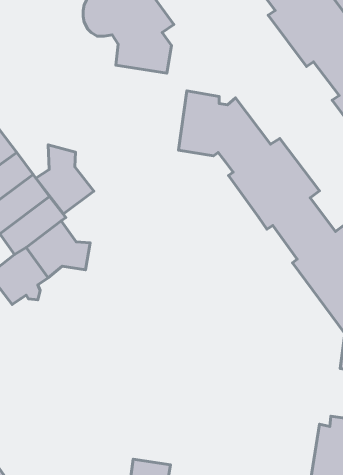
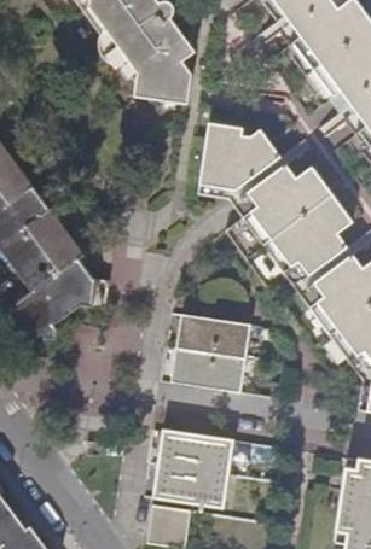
building: [36,145,94,214] -> none
building: none -> [170,314,249,392]
building: none -> [153,430,232,506]

